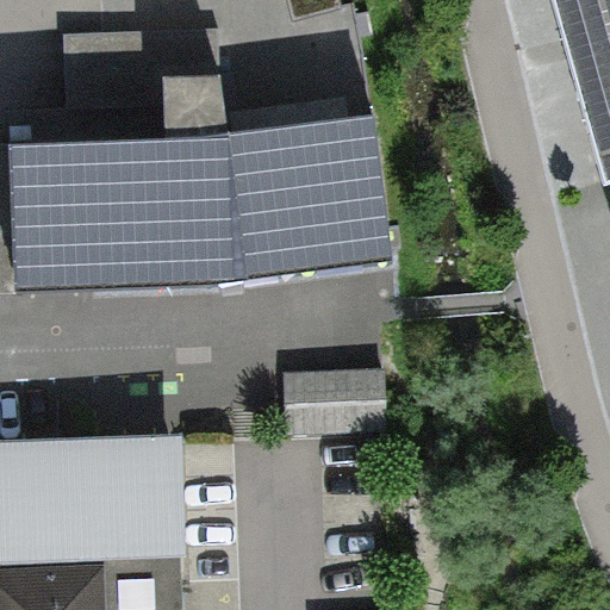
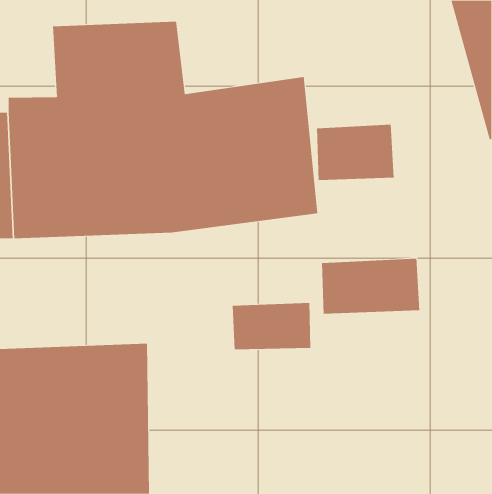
building: none -> [316,124,394,181]
building: none -> [321,258,420,314]

